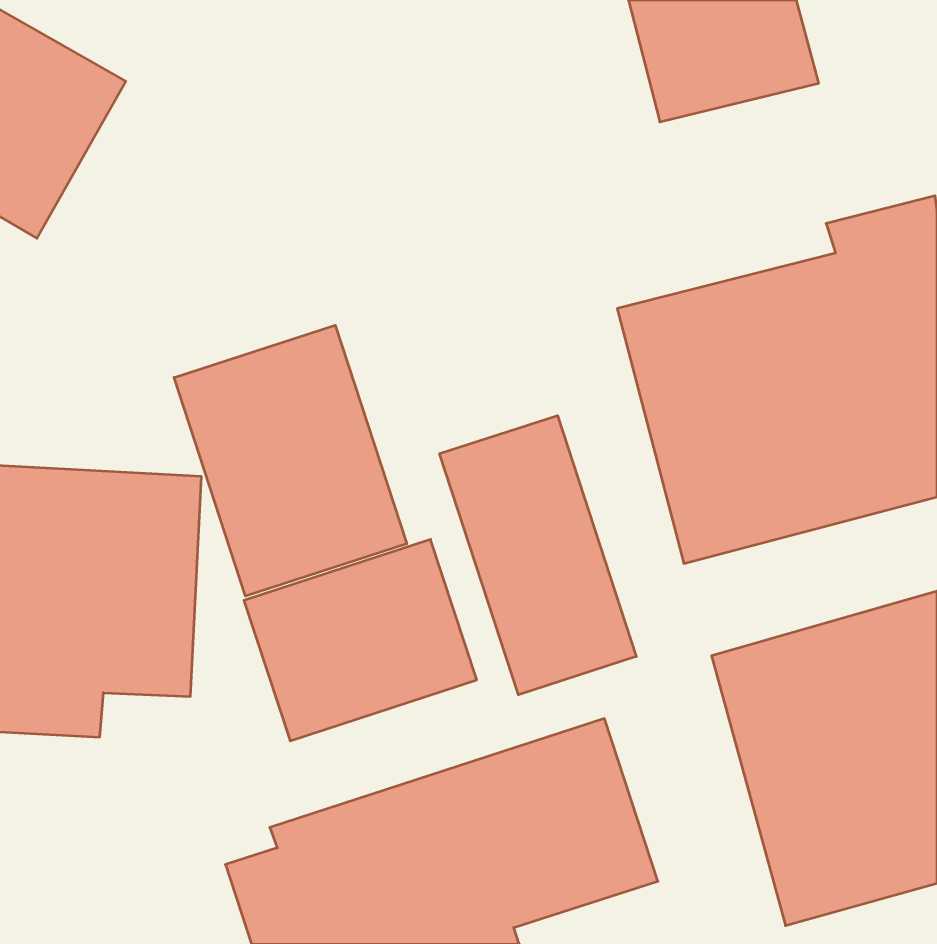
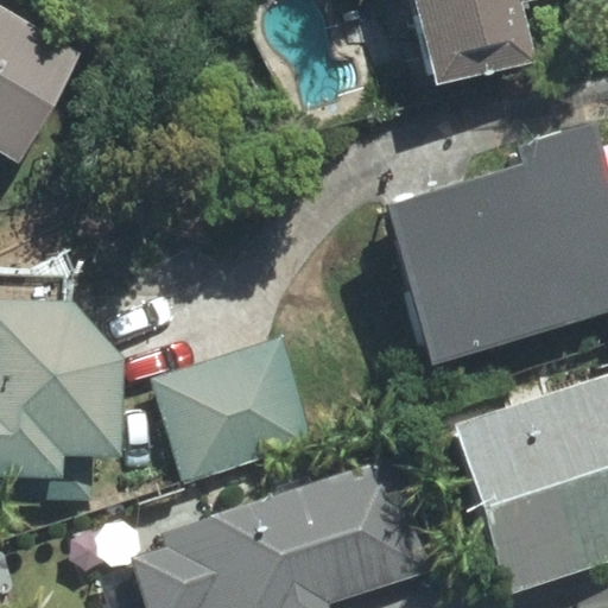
building: [174,325,407,596] -> none
building: [440,416,636,695] -> none

